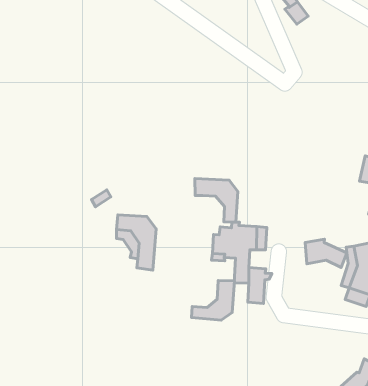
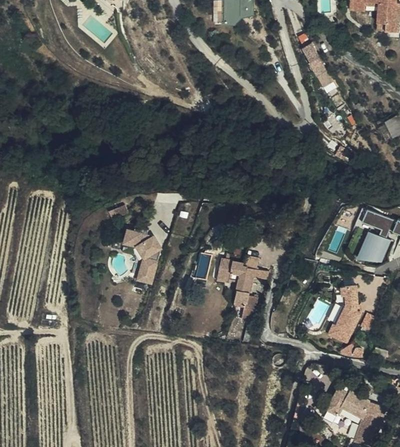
building: [195,179,238,222] -> none
building: [305,239,347,268] -> none
building: [192,280,234,320] -> none

